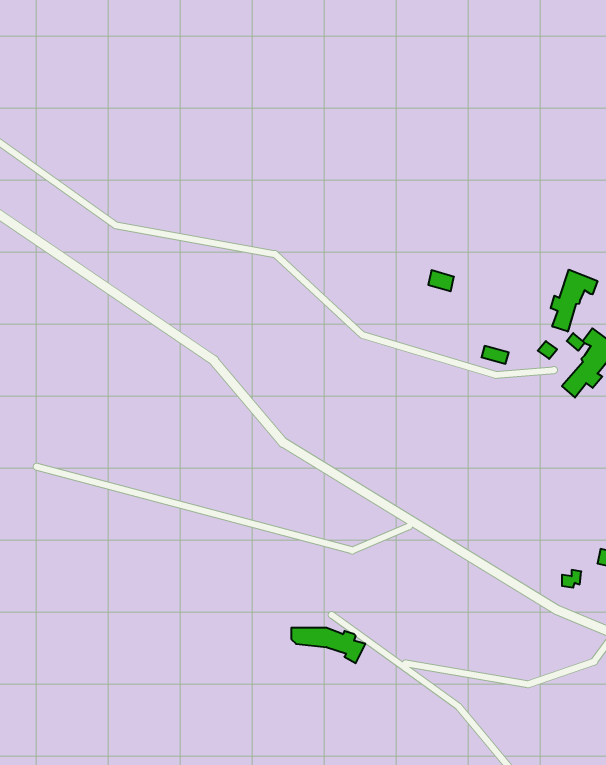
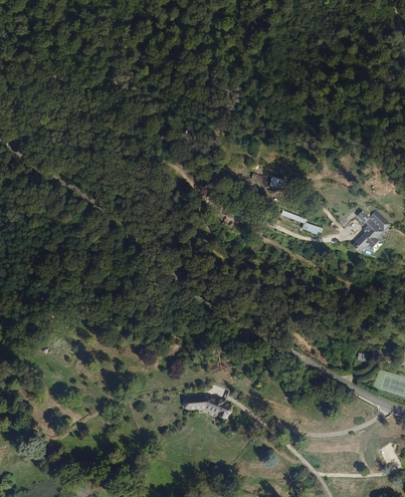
building: [551,270,597,332] -> none

